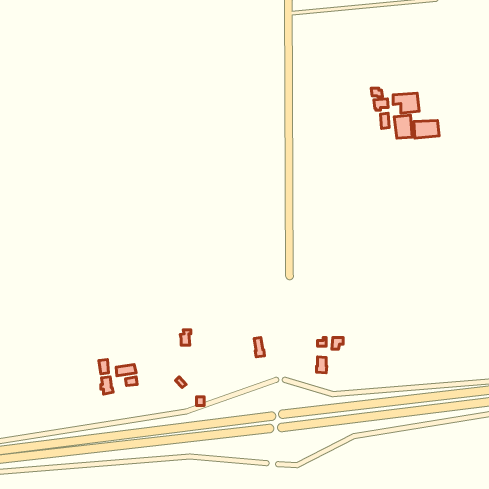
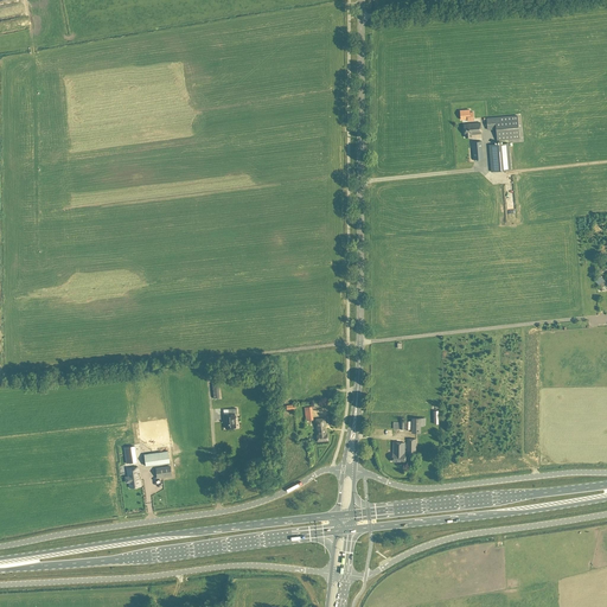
building: [414,121,439,138] -> none

